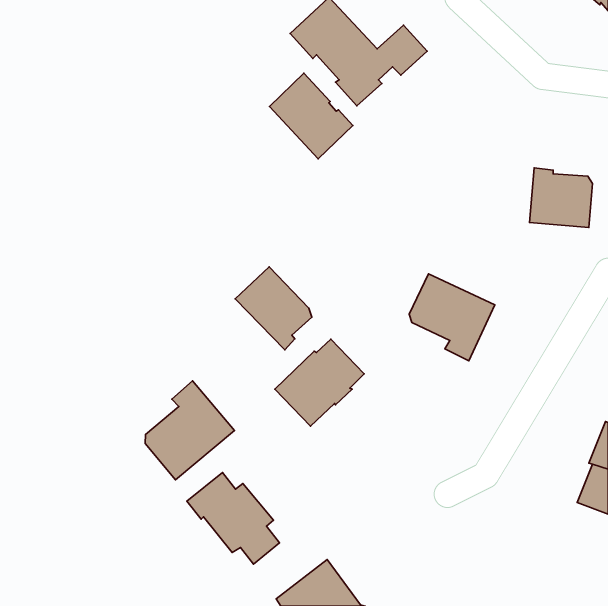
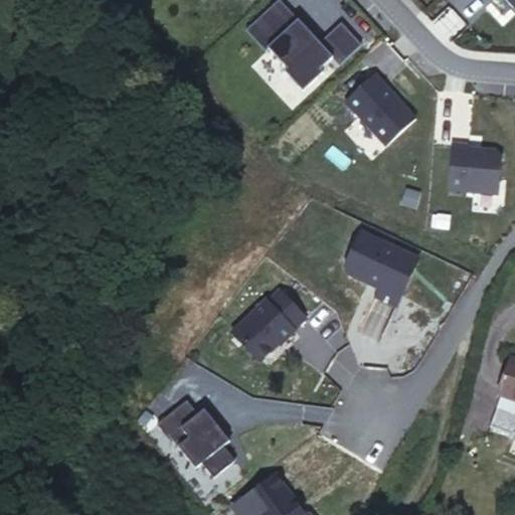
building: [269,73,353,159] -> [345,72,415,145]
building: [235,267,312,350] -> none
building: [145,381,234,480] -> none

